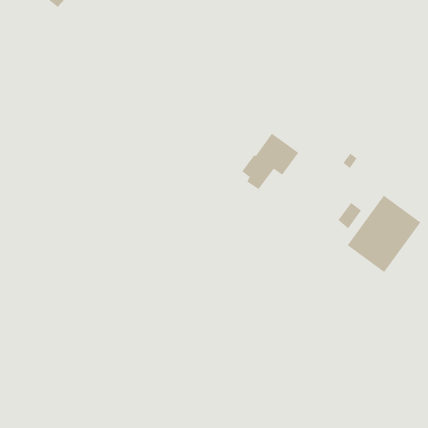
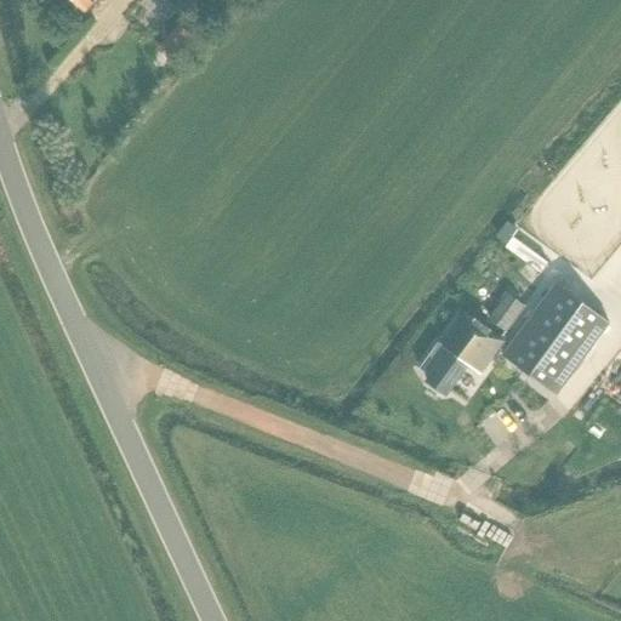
building: [241,133,299,190] -> [420,310,503,393]

